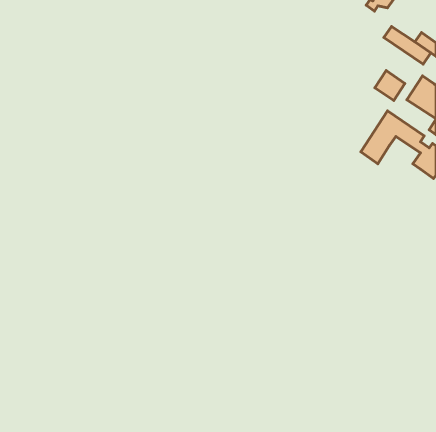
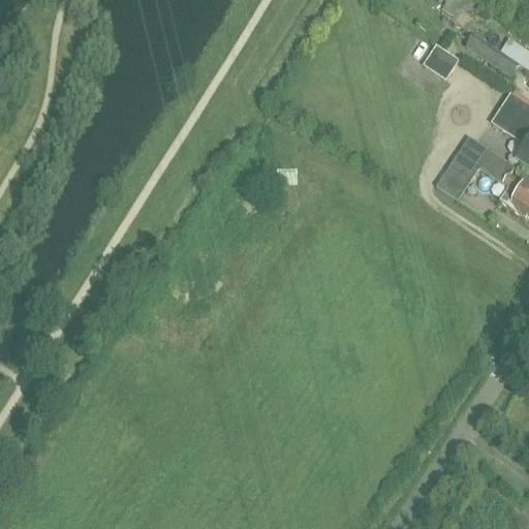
building: [375,71,405,100] -> [423,43,459,80]

